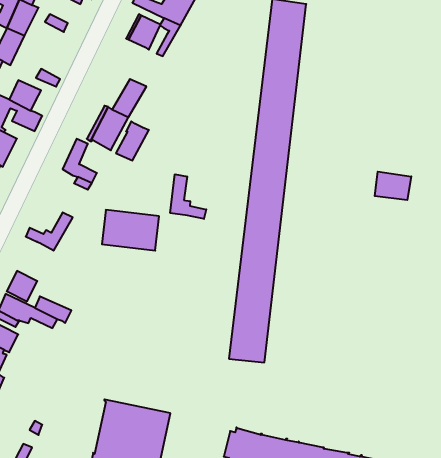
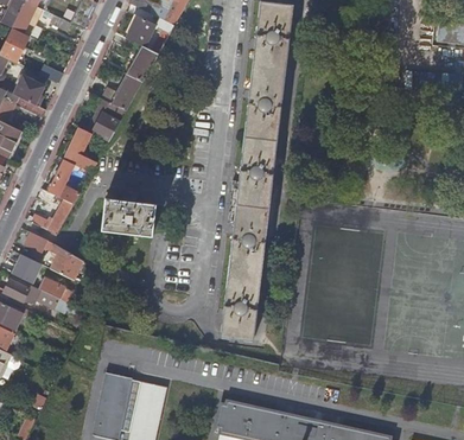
building: [116,121,149,161] -> [127,45,158,82]
building: none -> [49,159,77,204]
building: [375,172,411,200] -> none
building: [170,174,206,219] -> none
building: none -> [24,231,83,279]

